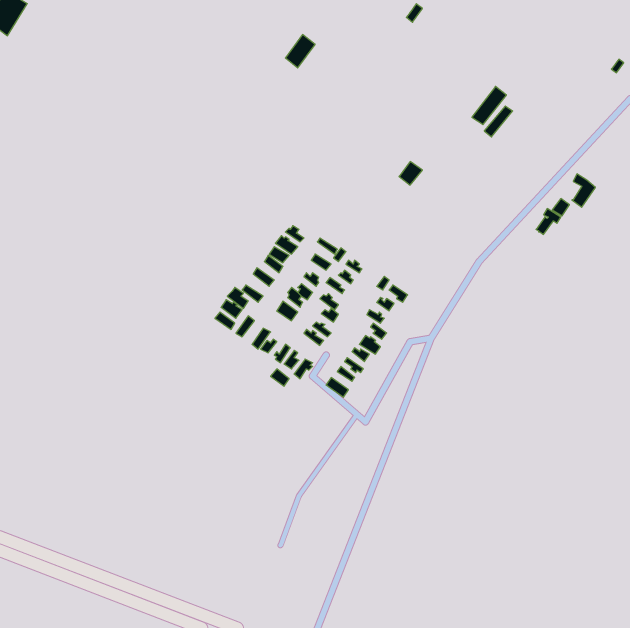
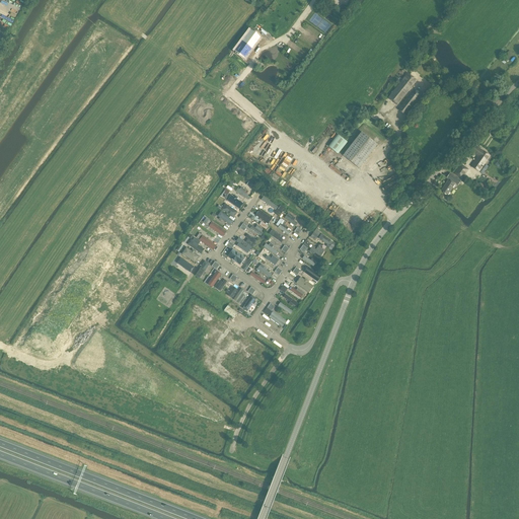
building: none -> [342,130,376,166]

